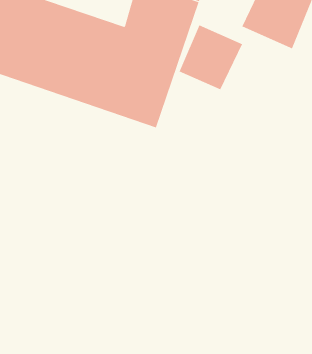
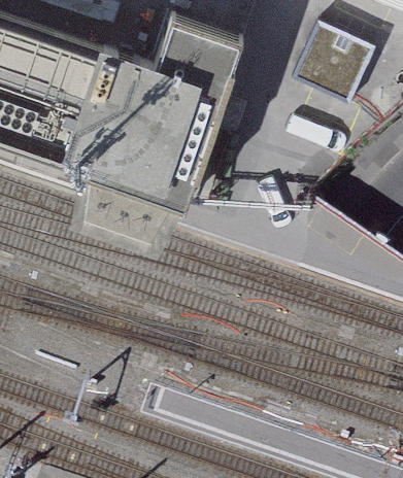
building: [179,24,243,90] -> none

